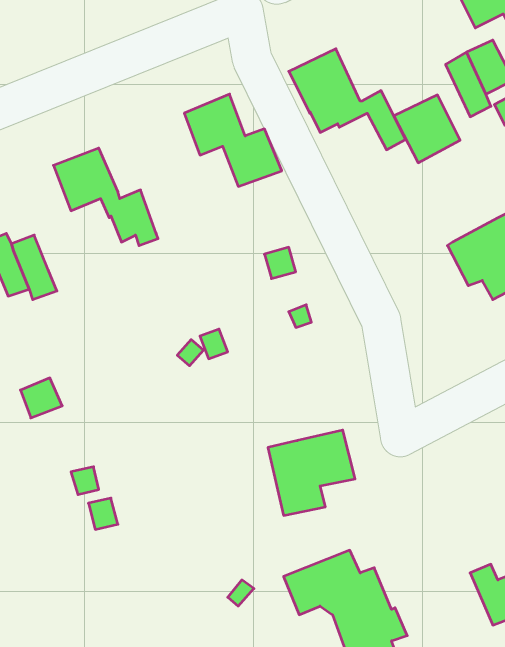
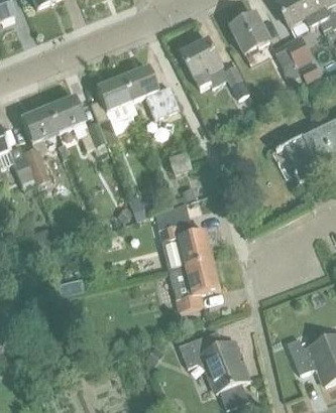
building: [394,95,460,163] -> [231,14,269,53]
building: none -> [94,76,134,145]
building: none -> [19,106,55,142]
building: none -> [155,201,213,269]

